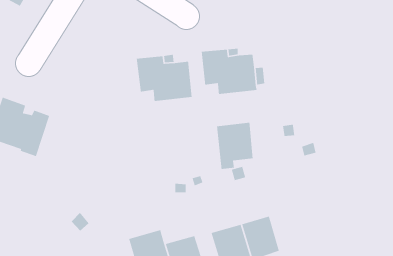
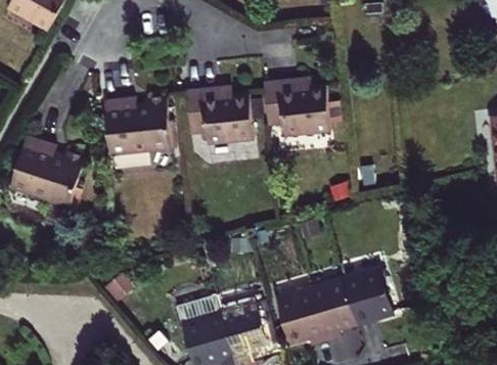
building: none -> [103,96,171,153]
building: [216,122,254,170] -> none
building: none -> [345,269,394,322]

